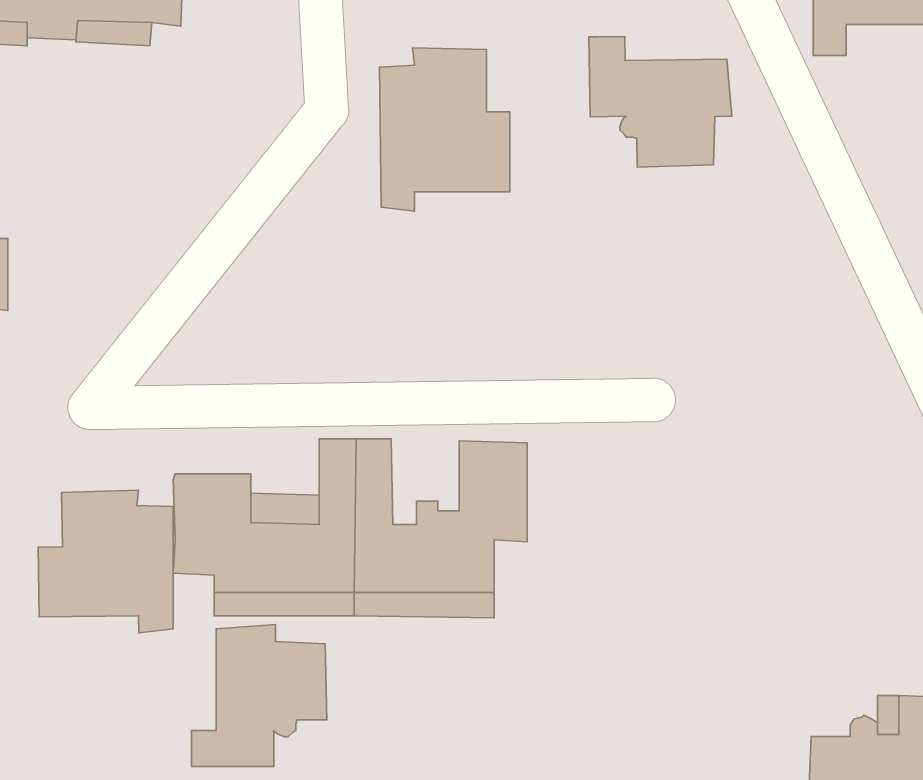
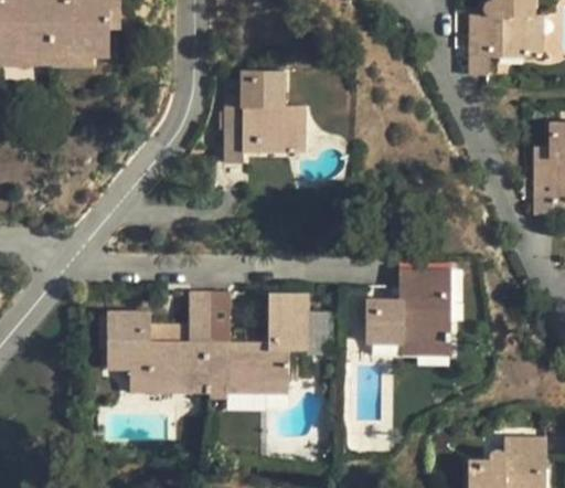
building: [589,36,732,167] -> none
building: none -> [365,268,451,353]
building: [38,490,173,633] -> none
building: [191,625,327,766] -> none

